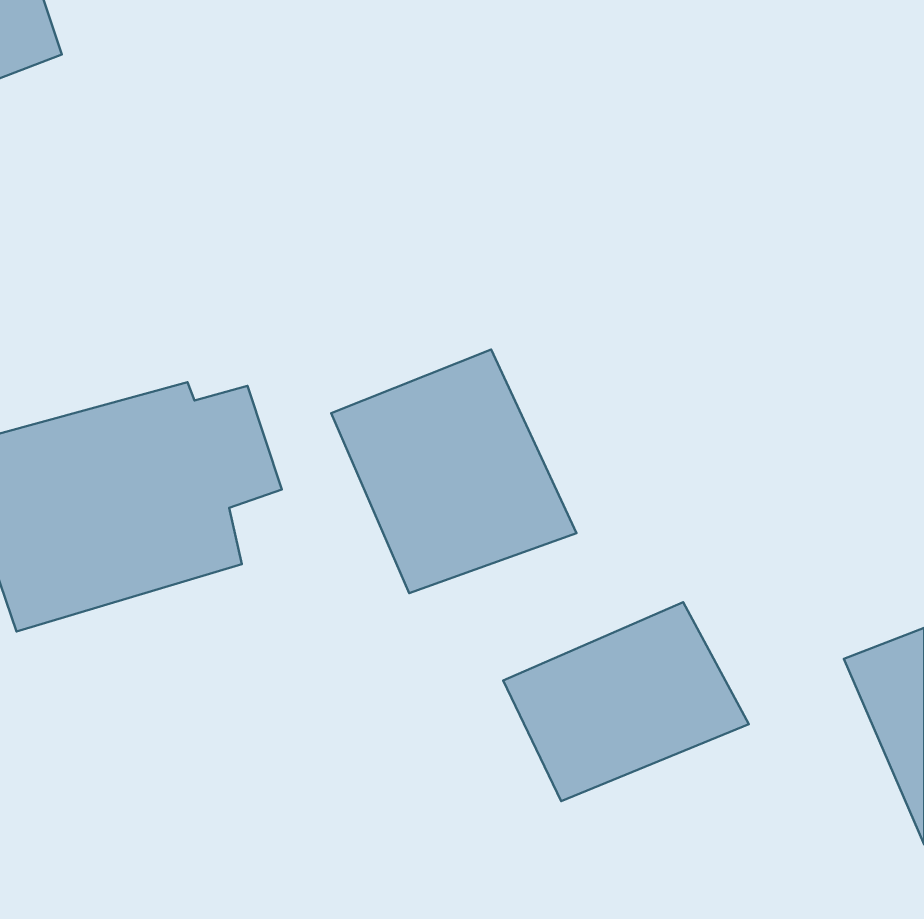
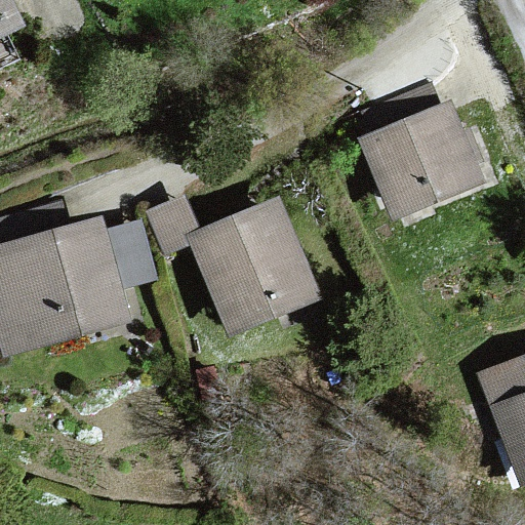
building: none -> [356,104,486,219]
building: [503,602,749,801] -> none

